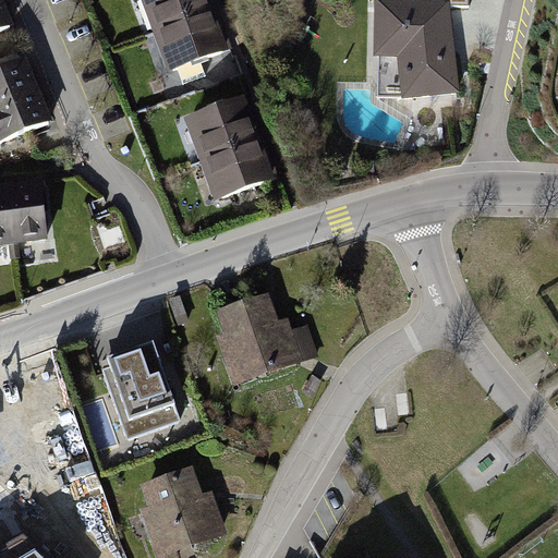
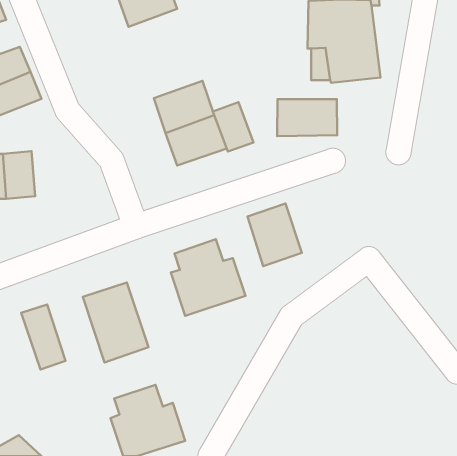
building: [156,11,229,72] -> none
building: none -> [277,99,337,136]
building: none -> [213,102,253,151]
building: none -> [248,204,302,266]
building: none -> [21,305,66,370]

